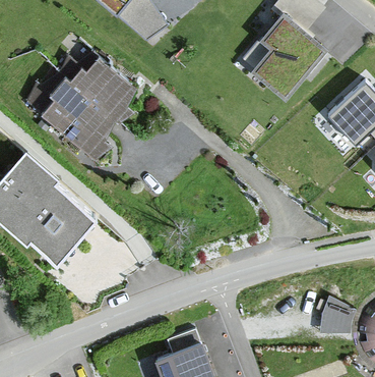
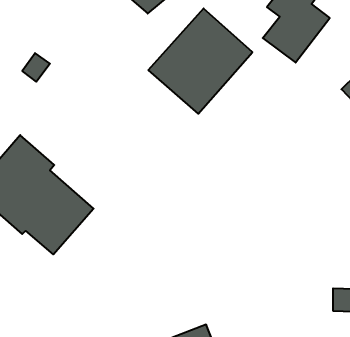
building: [36,51,135,152] -> [148,8,252,114]

